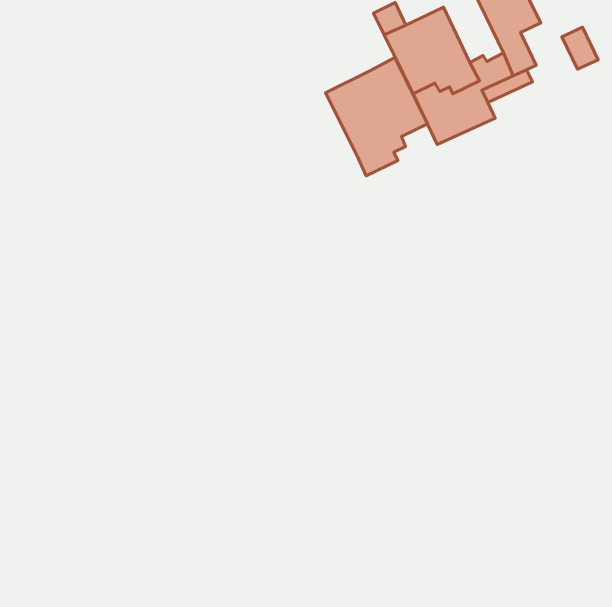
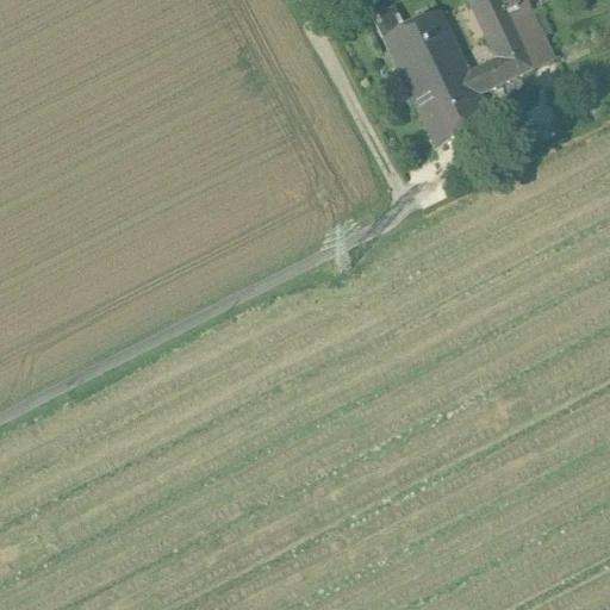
building: [562,27,598,69] -> [515,23,550,64]
building: [326,57,428,176] -> none

